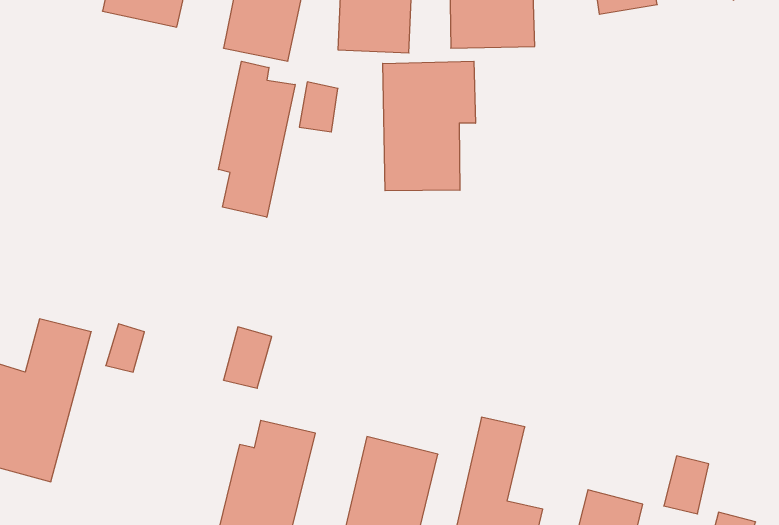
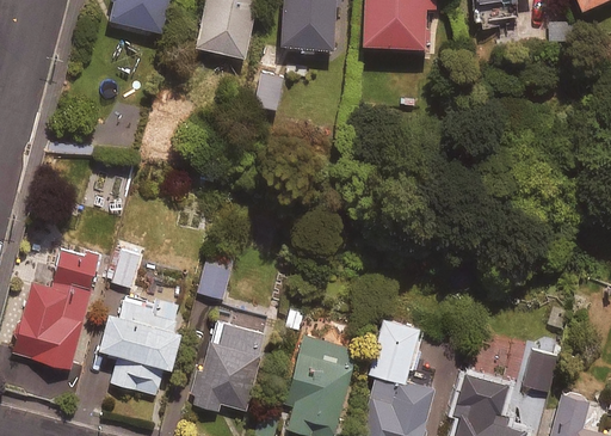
building: [383,61,475,191] -> none
building: [218,61,295,217] -> none
building: none -> [100,299,181,395]

